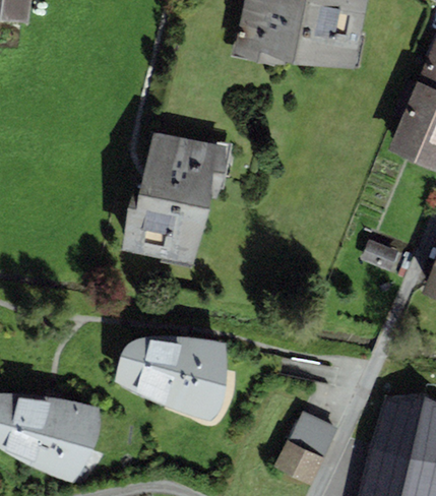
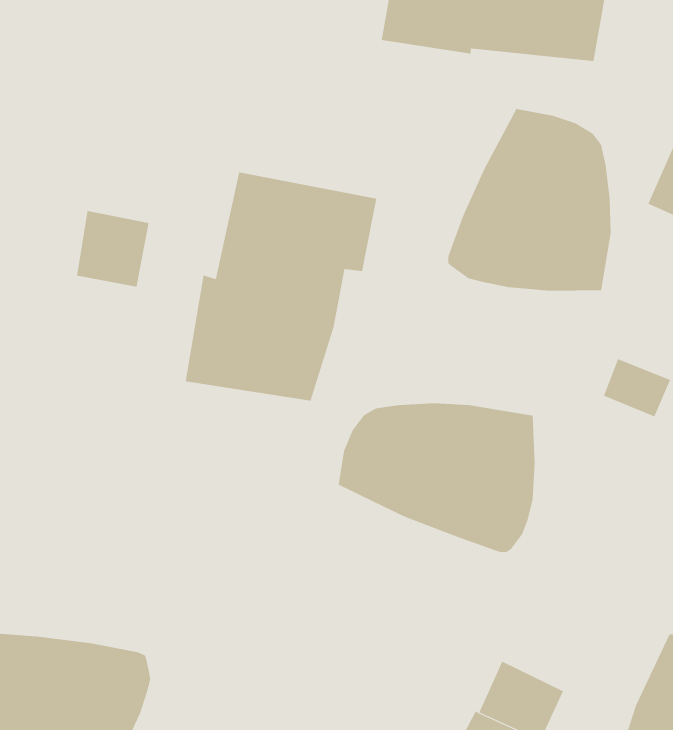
building: none -> [448,108,611,291]
building: none -> [76,210,149,288]
building: [115,335,228,421] -> [338,403,535,552]

